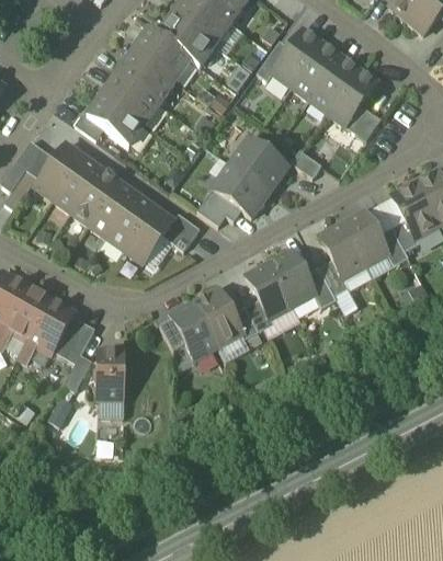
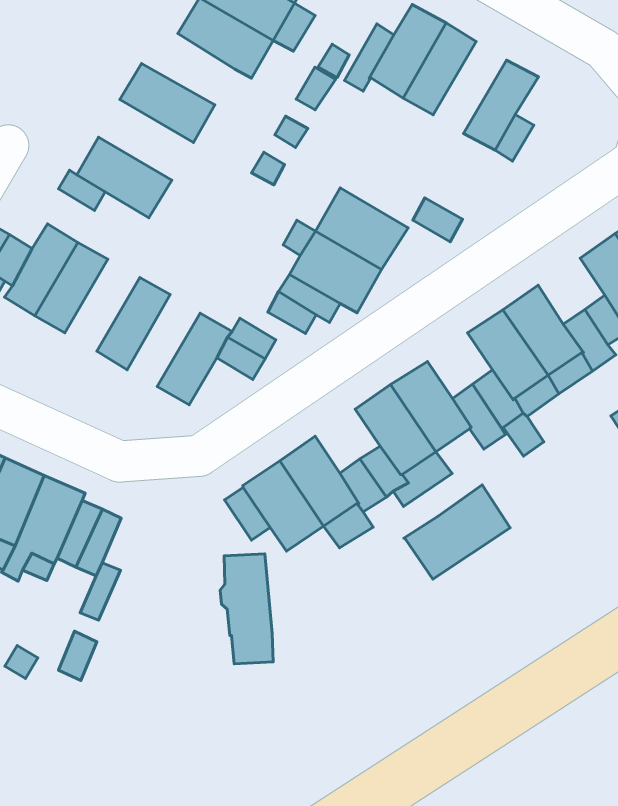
building: [133,28,190,80] -> none
building: [309,56,357,112] -> none
building: [102,71,160,124] -> none
building: [70,169,120,225] -> none
building: [106,194,155,250] -> none
building: none -> [404,485,510,579]
building: [94,348,124,416] -> [220,554,273,664]

